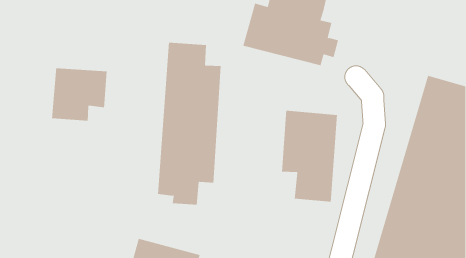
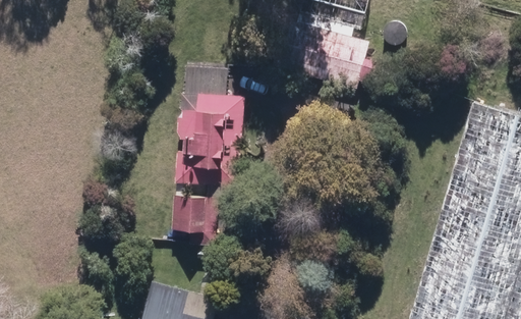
building: [52,67,107,122] -> none
building: [281,110,337,202] -> none

